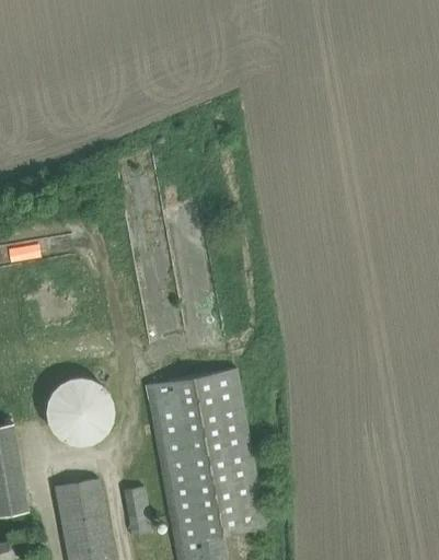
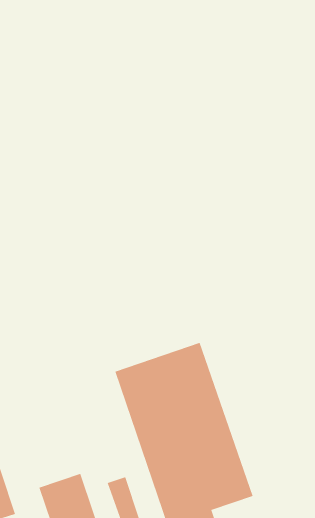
building: [54,380,115,441] -> none

